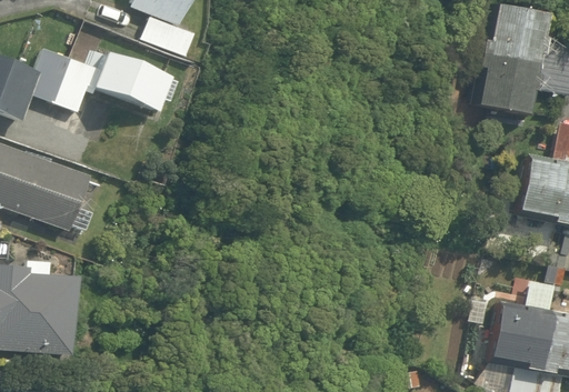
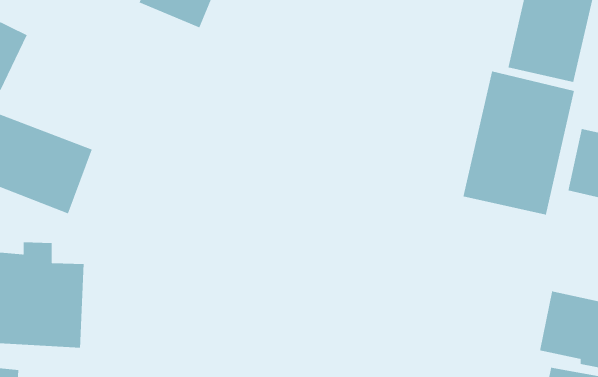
building: [36,50,88,108] -> none
building: [101,54,188,115] -> none
building: none -> [462,71,575,215]

